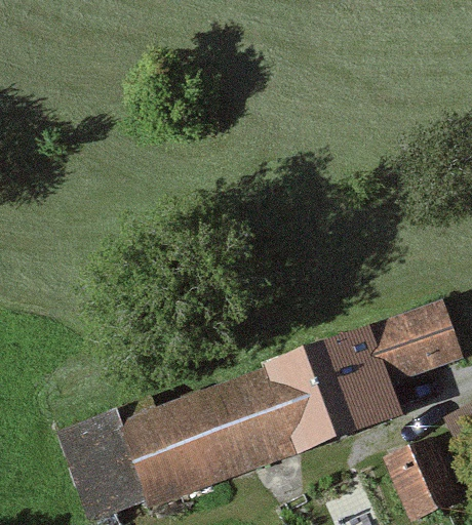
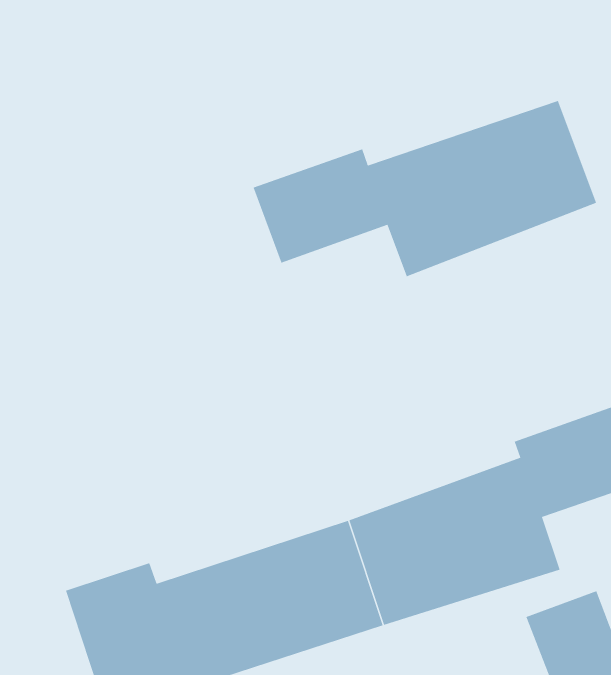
building: none -> [253,100,597,277]

